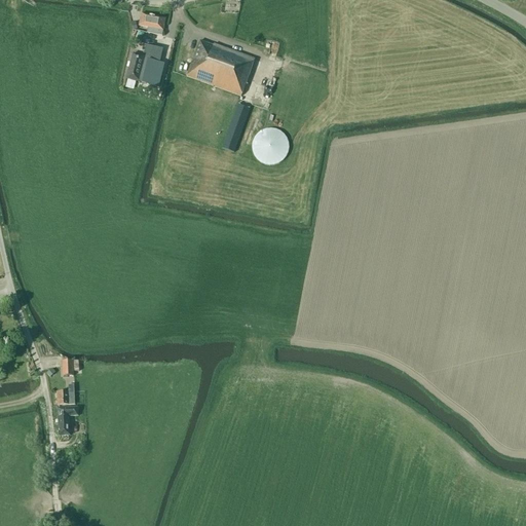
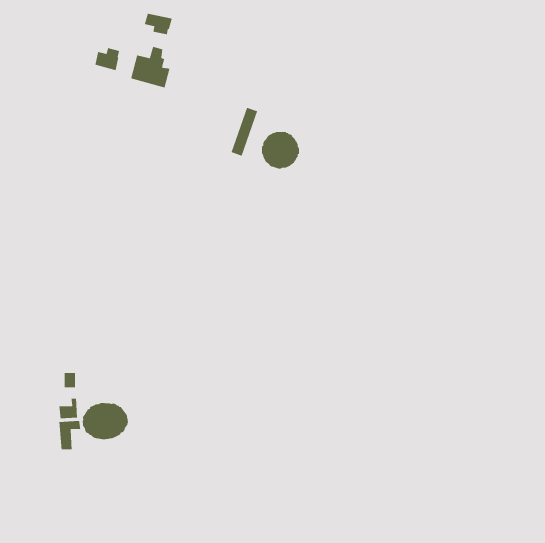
building: [186,39,254,95] -> none
building: none -> [94,47,120,71]
building: none -> [82,402,129,440]

